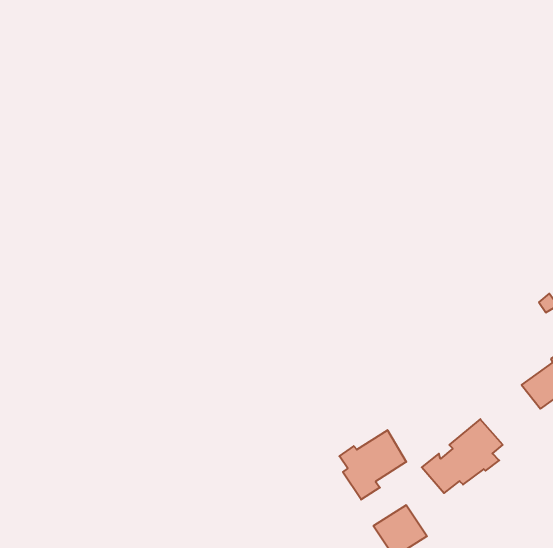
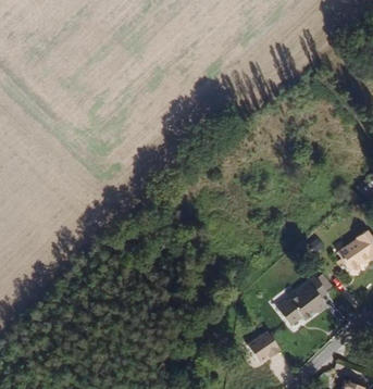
building: [339,430,406,500] -> none

